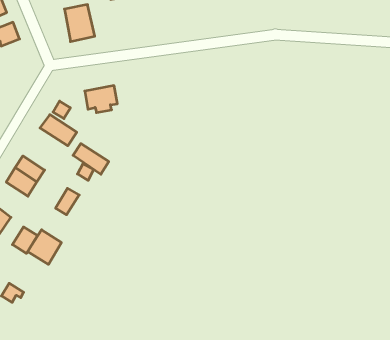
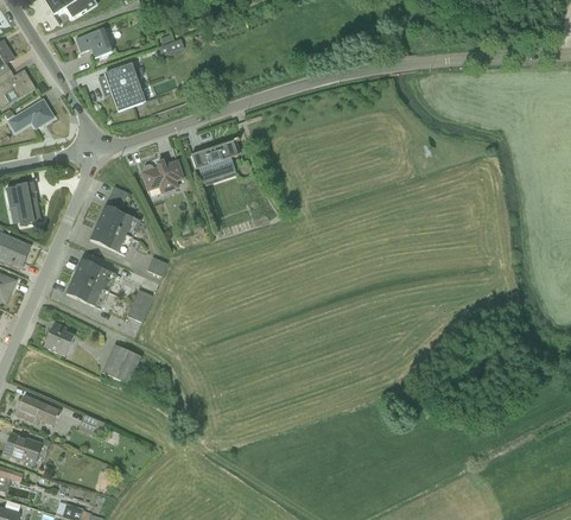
building: none -> [190,140,237,182]
building: [73,144,109,174] -> [88,221,132,254]
building: [12,227,37,253] -> none

